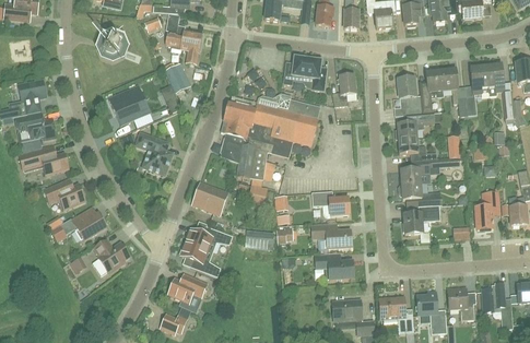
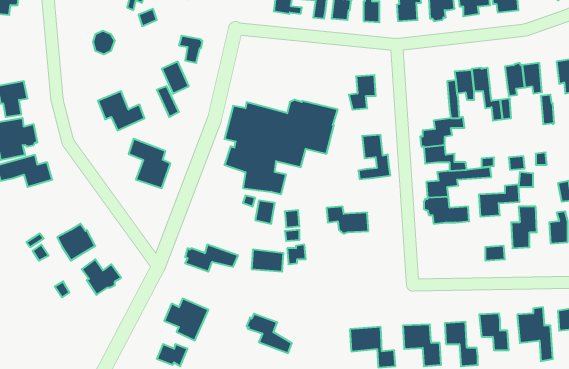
building: [165,12,203,48] -> none
building: [283,57,327,90] -> none
building: [393,76,422,116] -> [358,135,390,179]
building: [44,178,85,209] -> none
building: [191,181,225,213] -> none
building: [403,204,439,233] -> [479,185,520,217]
building: [311,223,351,247] -> none
building: [179,241,220,276] -> [246,314,292,353]
building: [315,253,353,279] -> none

